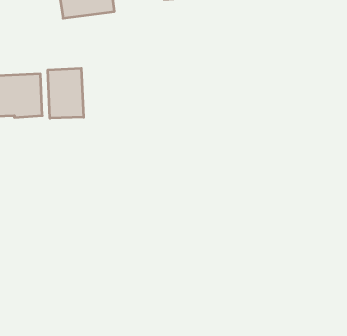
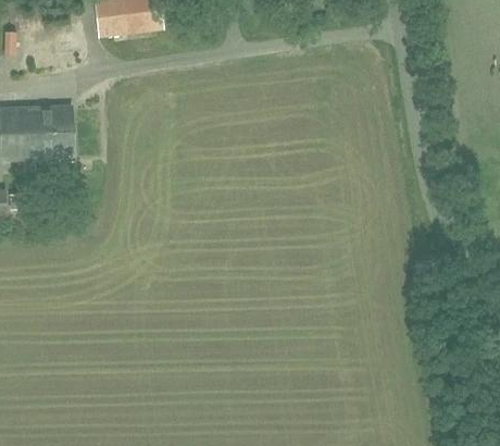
building: [48,68,84,118] -> none

